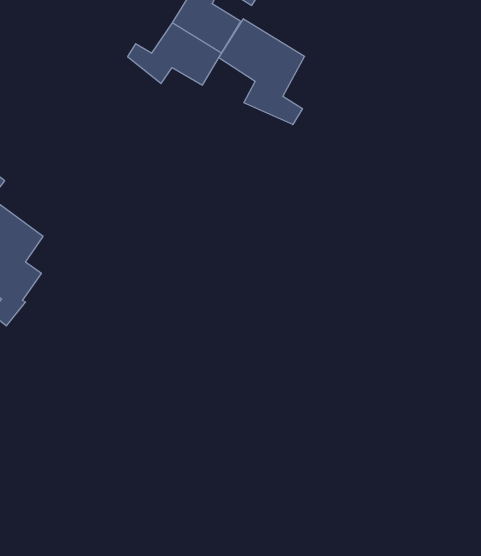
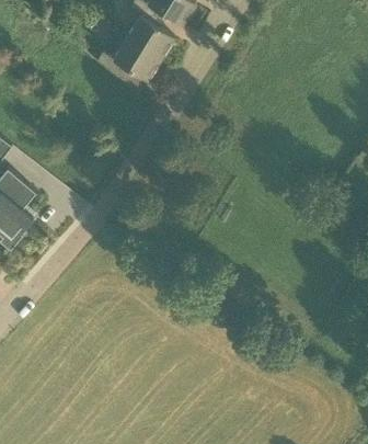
building: [219,19,305,125] -> none

